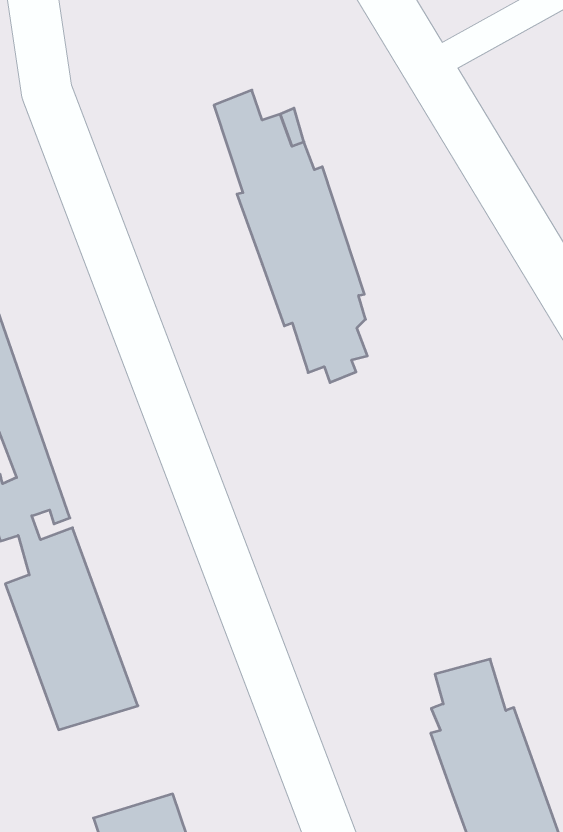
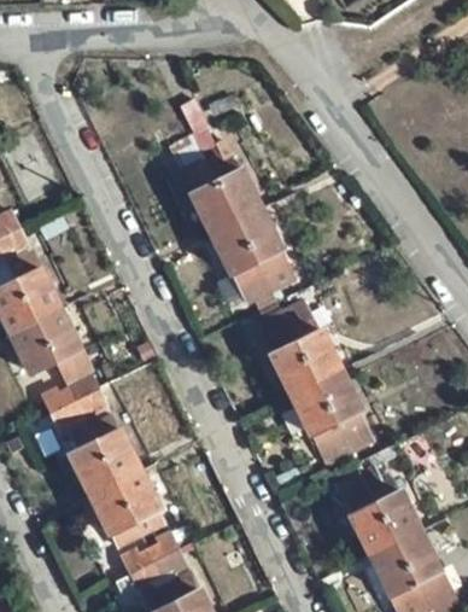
building: none -> [262,304,372,462]
building: none -> [127,531,187,588]

